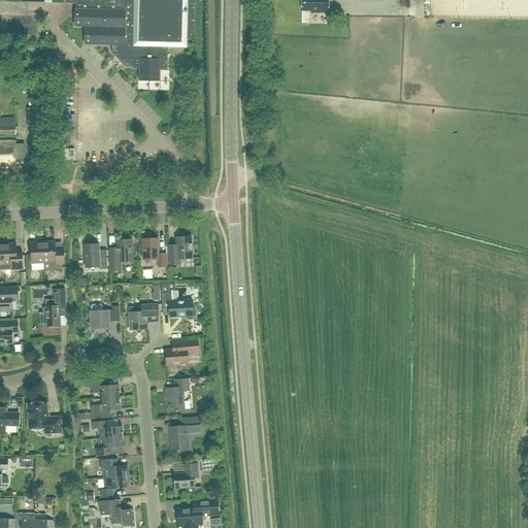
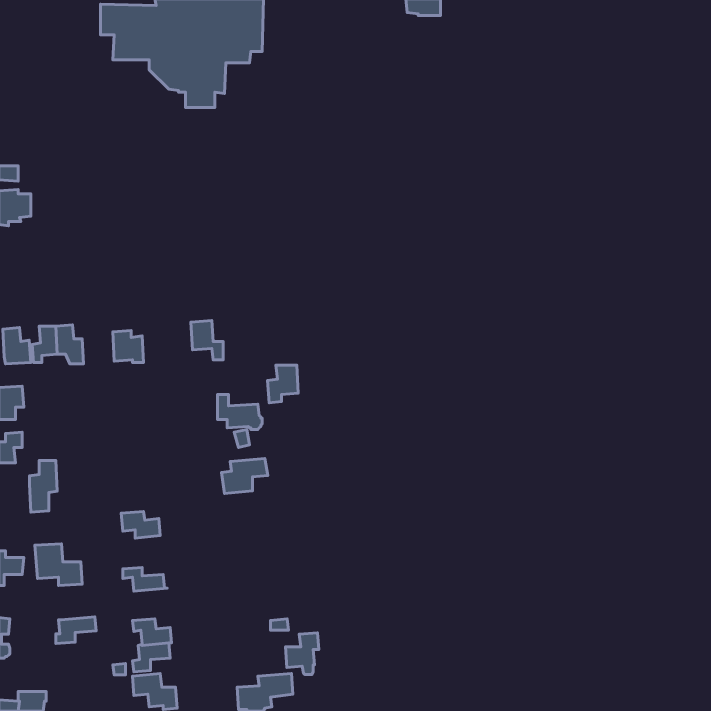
building: [168,236,191,264] -> [268,365,298,403]
building: [108,239,132,270] -> none
building: [44,288,65,326] -> [29,461,57,512]
building: [89,303,119,331] -> none
building: [127,303,158,332] -> none
building: [164,377,189,411] -> none
building: [91,396,120,418] -> none
building: [169,416,200,451] -> none
building: [95,435,125,455] -> [56,617,96,643]
building: [172,462,197,493] -> [285,633,319,675]

